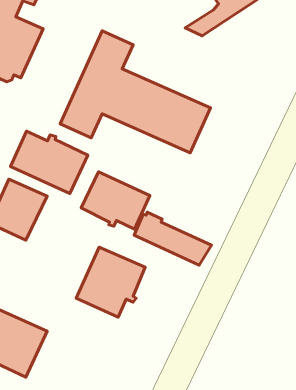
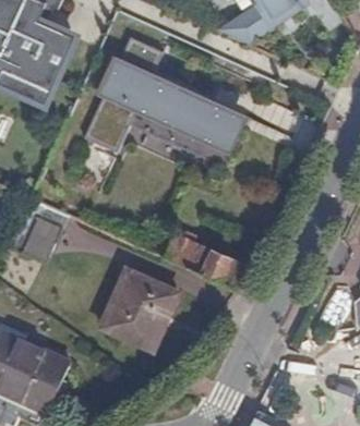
building: [10,131,88,193] -> none
building: [81,172,150,229] -> none

